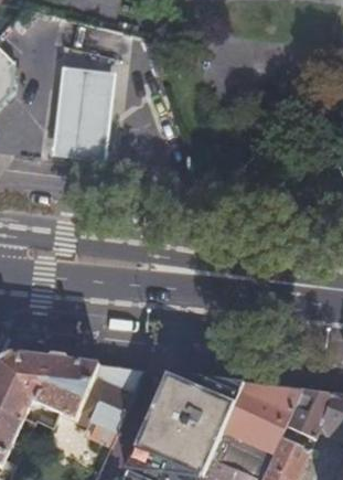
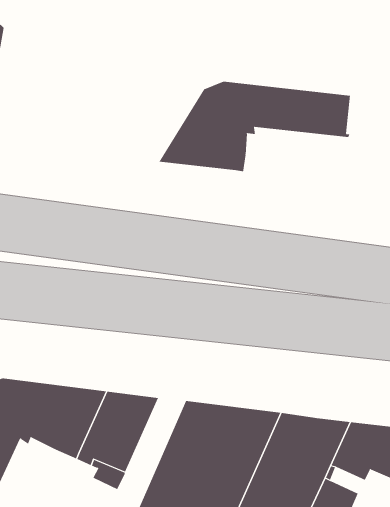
building: [54,68,114,162] -> none
building: none -> [159,81,350,172]

